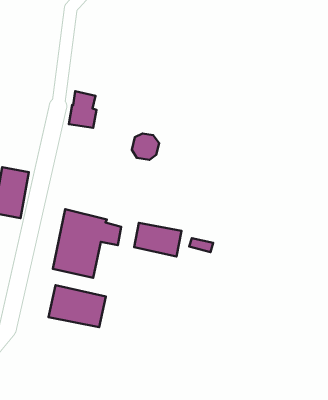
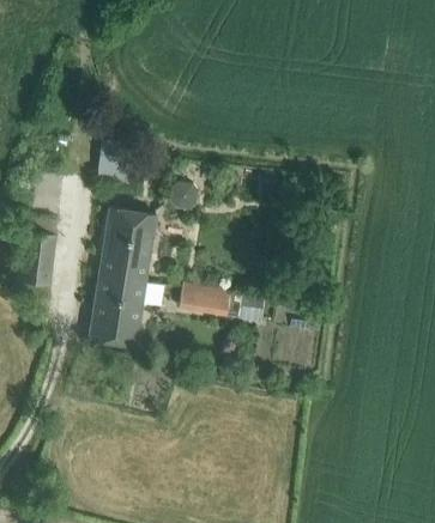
building: none -> [99,206,156,280]
building: [48,285,106,327] -> none

